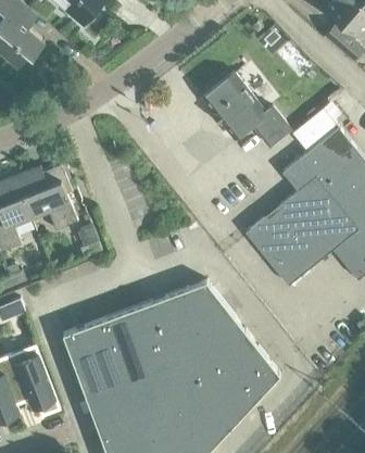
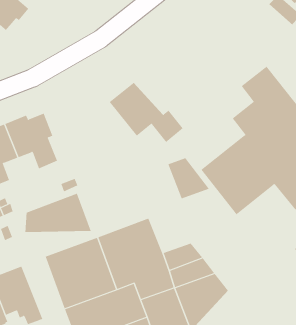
building: [201,75,289,147] -> [109,82,183,143]
building: none -> [25,193,92,233]
building: [185,281,235,330] -> [167,158,210,199]

